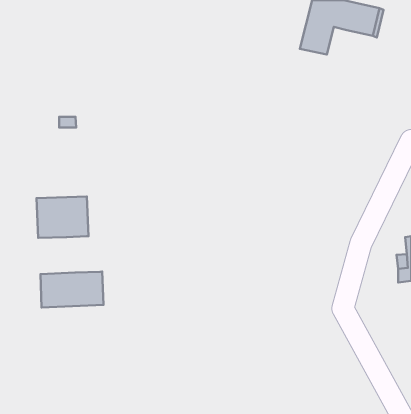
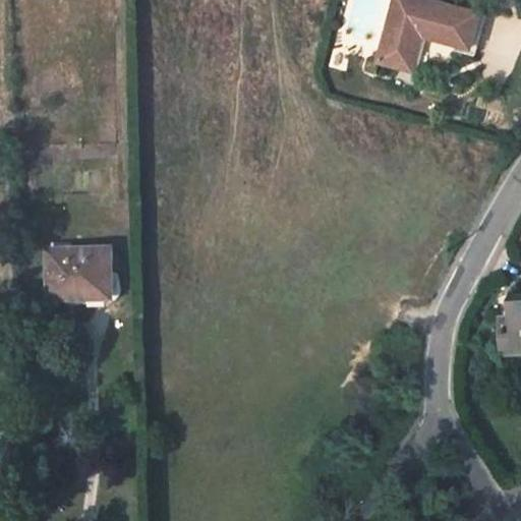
building: [40,272,103,307] -> none

